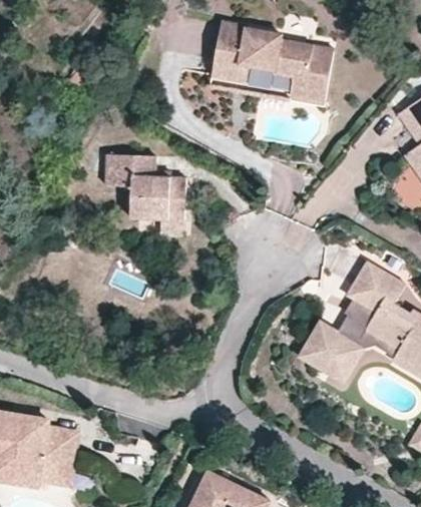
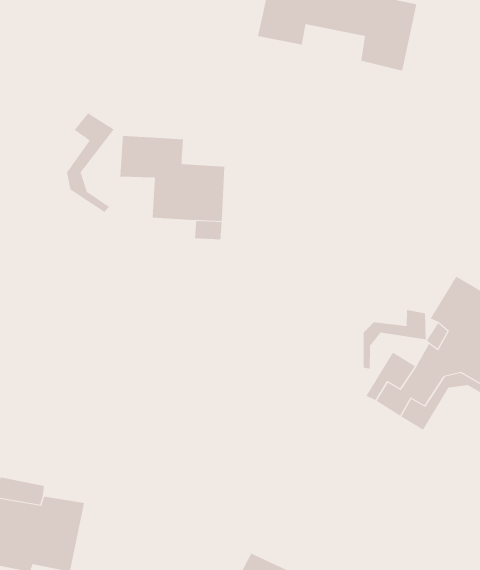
building: [209,64,325,104] -> none
building: none -> [66,112,115,213]
building: none -> [363,309,426,369]

